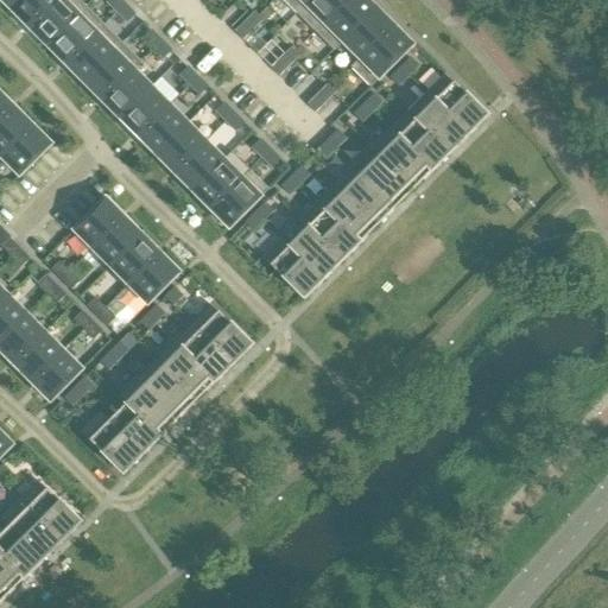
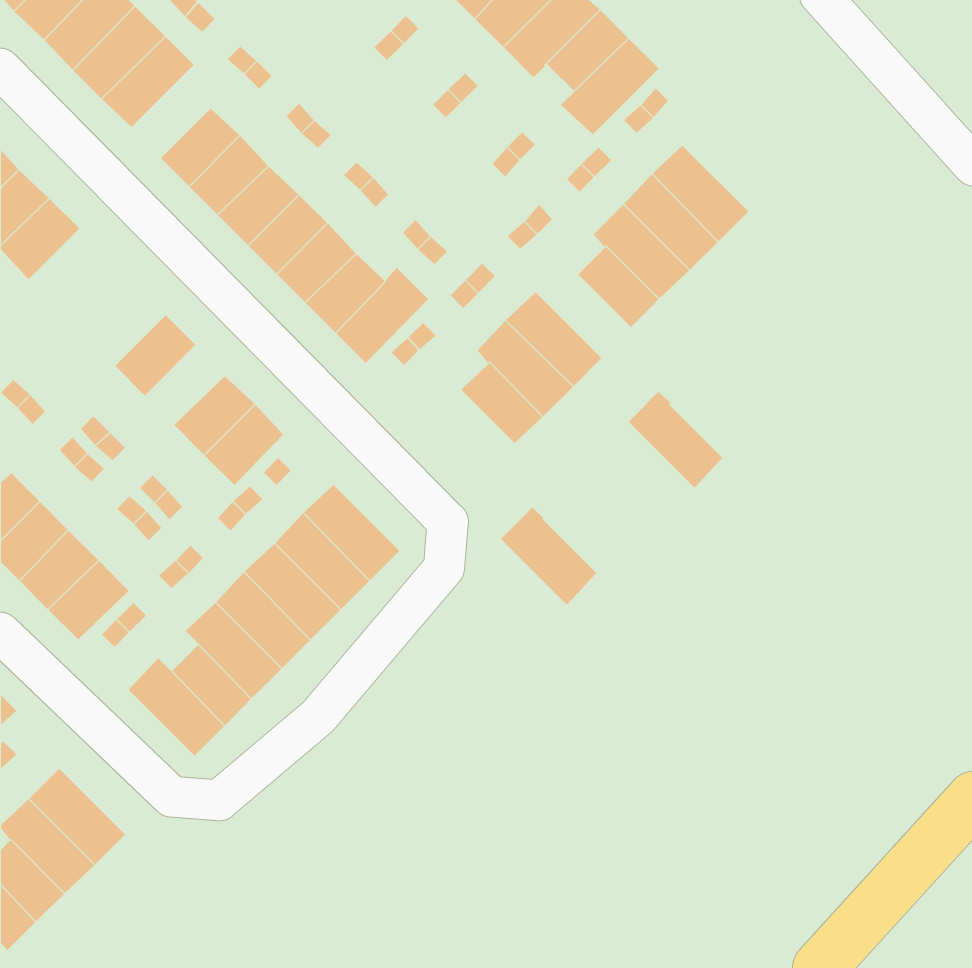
building: [83,40,141,99] -> none
building: [426,71,486,132] -> none
building: [335,163,394,223] -> [628,391,723,488]
building: [91,215,141,265] -> none
building: [261,235,322,297] -> [500,506,597,606]

